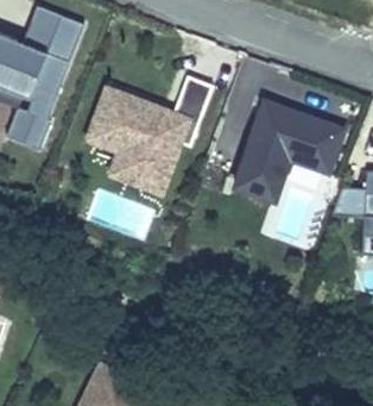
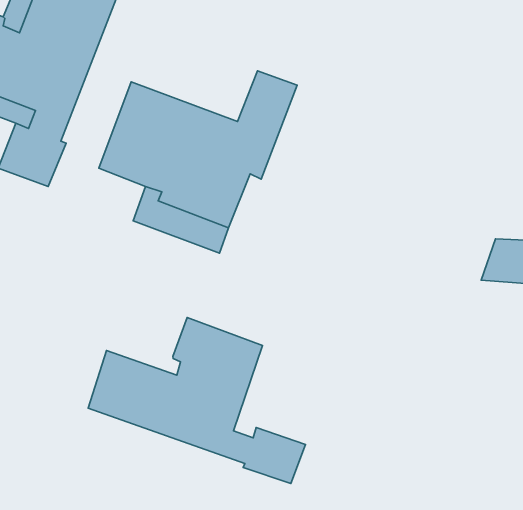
building: [230,98,346,204] -> none
building: none -> [88,317,305,483]

